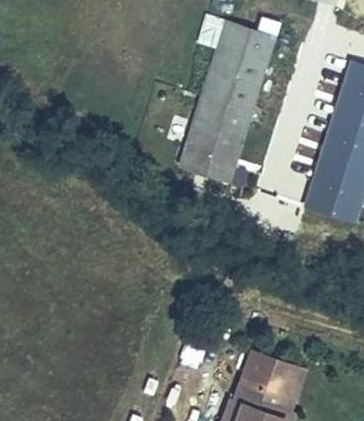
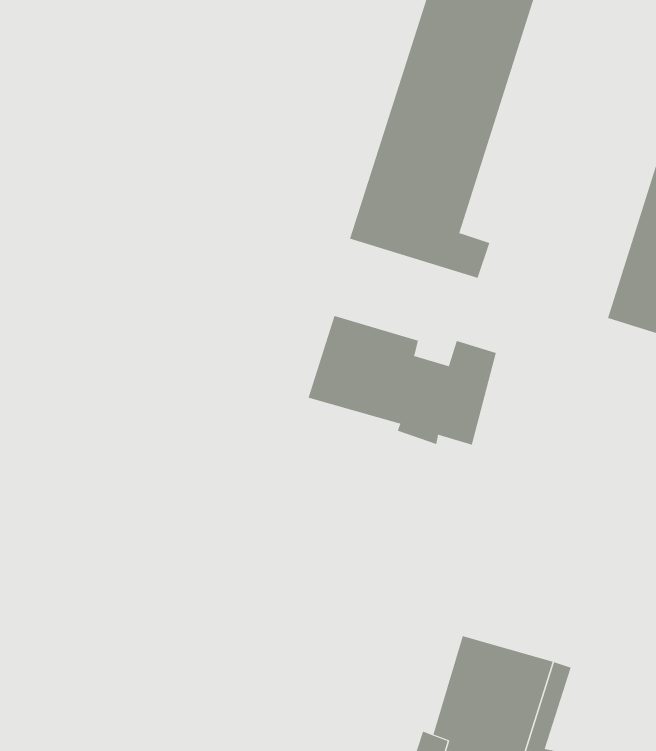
building: none -> [308,315,497,445]

